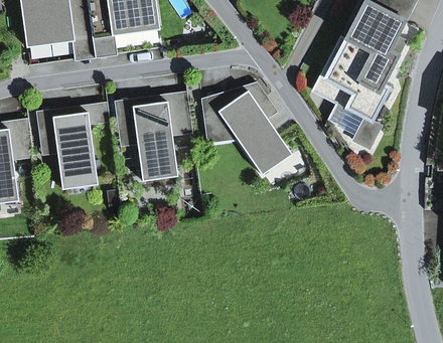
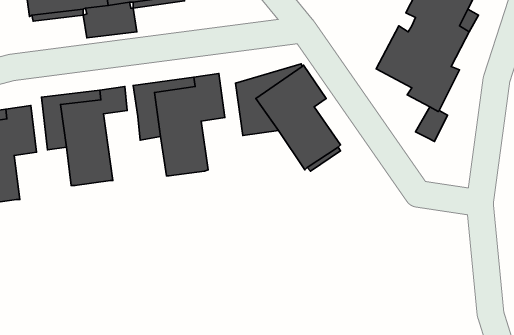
building: [312,38,353,126] -> none

